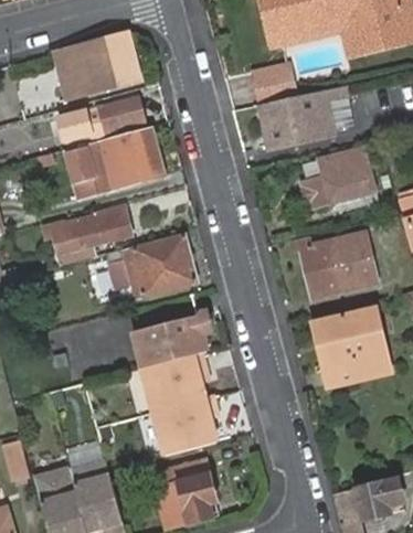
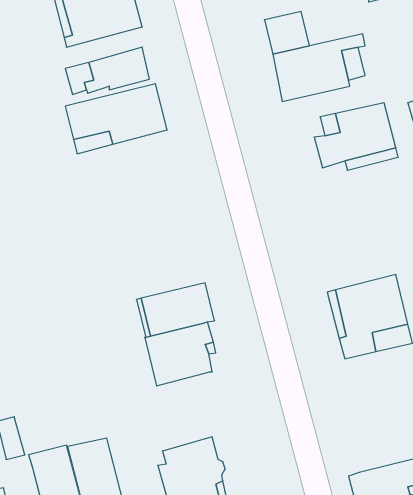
building: [51,213,130,263] -> none
building: [289,233,377,297] -> none
building: [105,236,194,296] -> none
building: [151,396,215,455] -> none

